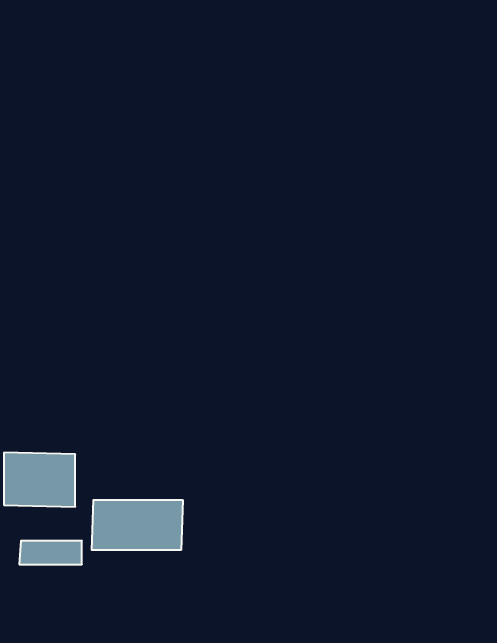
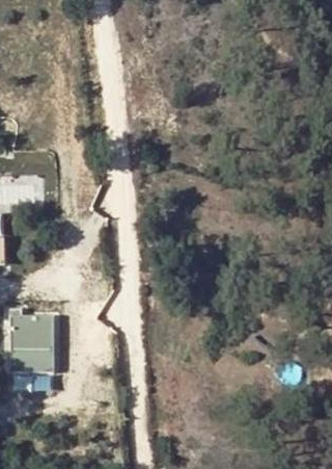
building: [92,500,183,550] -> none

